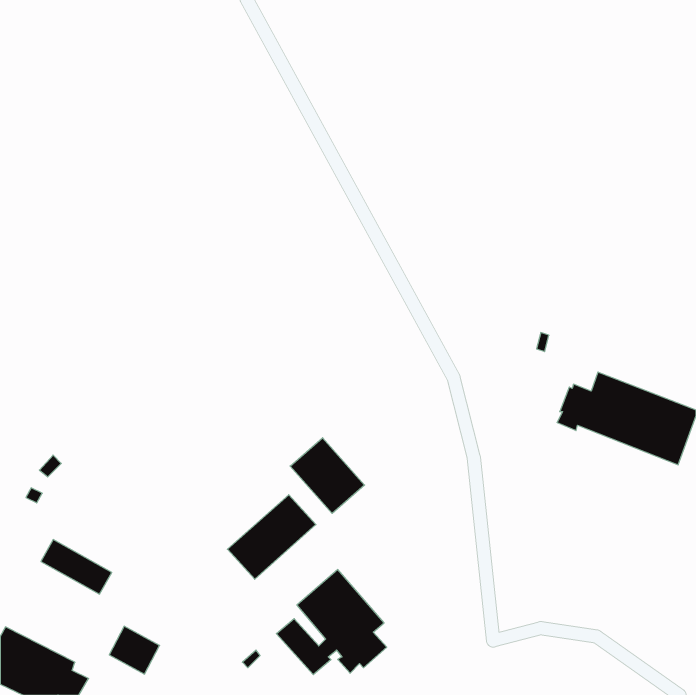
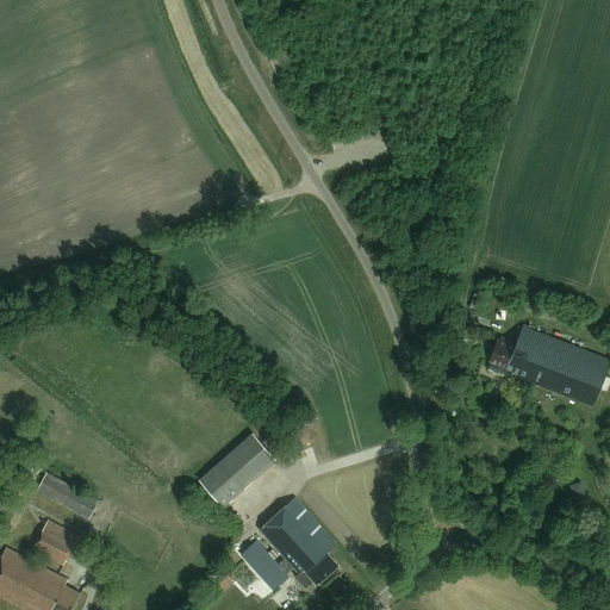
building: [290,438,365,513] -> none
building: [109,626,160,674] -> [31,523,75,565]

